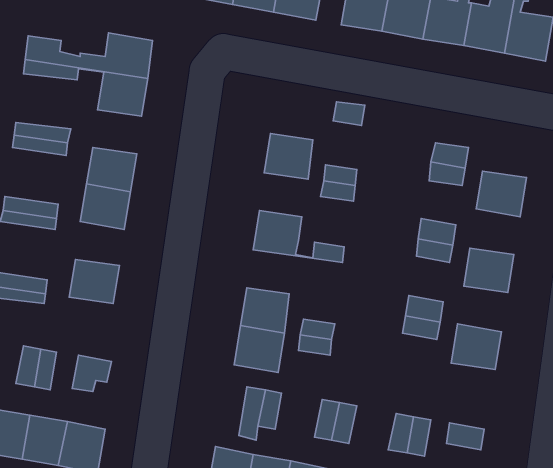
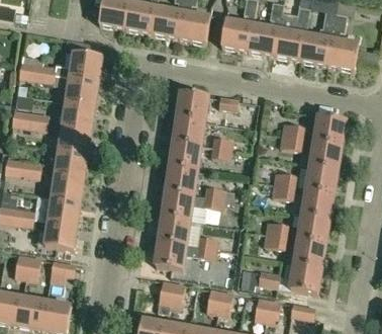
building: none -> [177,91,208,120]
building: none -> [63,101,94,130]
building: none -> [313,115,346,145]
building: none -> [170,142,201,170]
building: none -> [305,165,338,194]
building: none -> [52,173,83,201]
building: none -> [162,191,223,220]
building: none -> [297,215,329,244]
building: none -> [43,222,76,251]
building: none -> [257,264,321,294]

